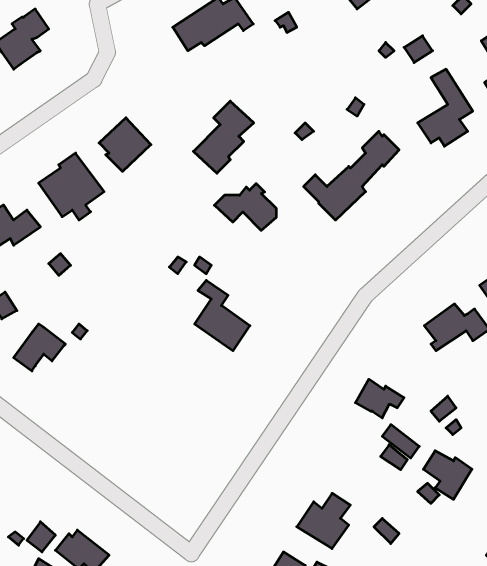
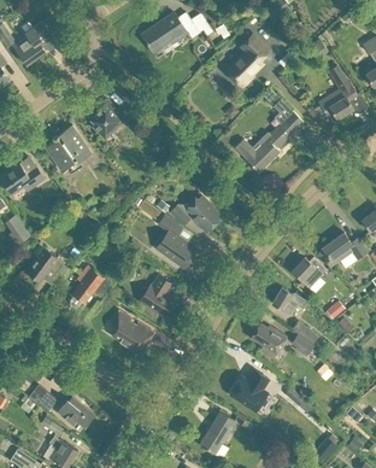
building: [193,101,254,173] -> [225,35,269,87]
building: [214,184,276,230] -> [171,195,216,229]
building: none -> [292,256,328,287]
building: none -> [70,264,112,306]
building: none -> [140,274,175,316]
building: none -> [111,309,154,351]
building: [423,451,472,499] -> [251,323,286,358]

